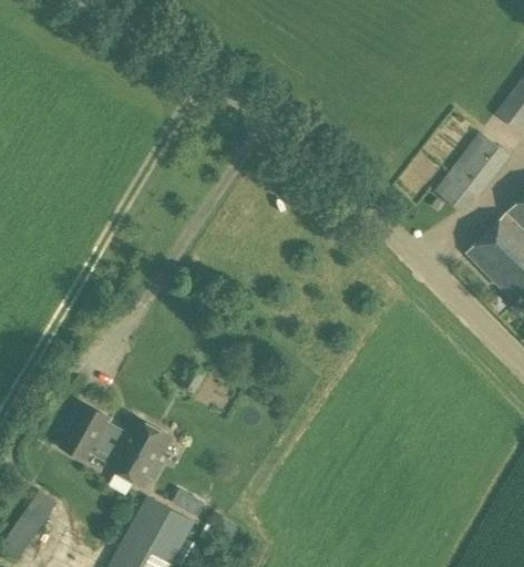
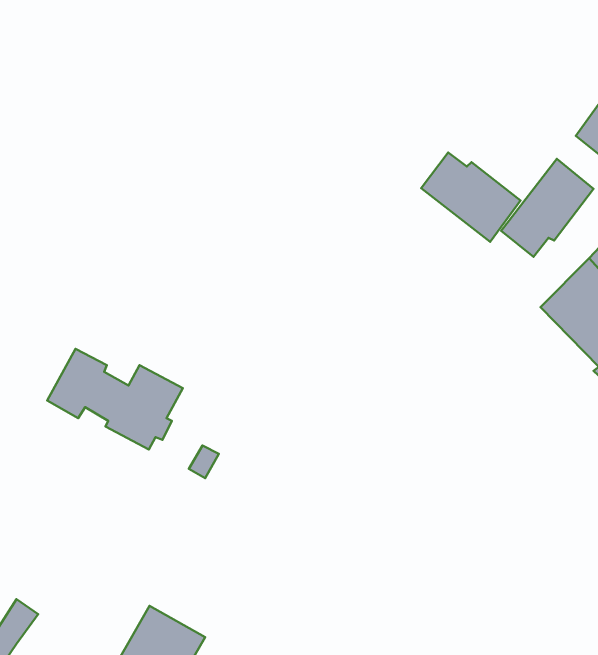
building: none -> [421,153,520,242]
building: [59,403,169,485] -> [47,349,183,449]

